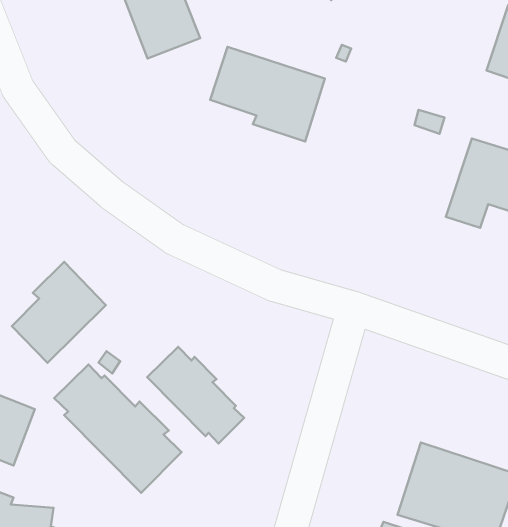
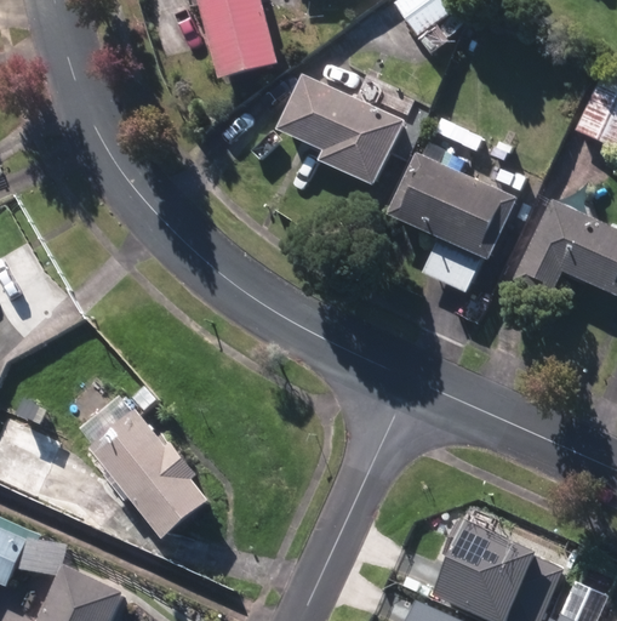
building: none -> [388,152,516,292]
building: [12,262,106,363] -> none
building: [147,347,244,444] -> none

